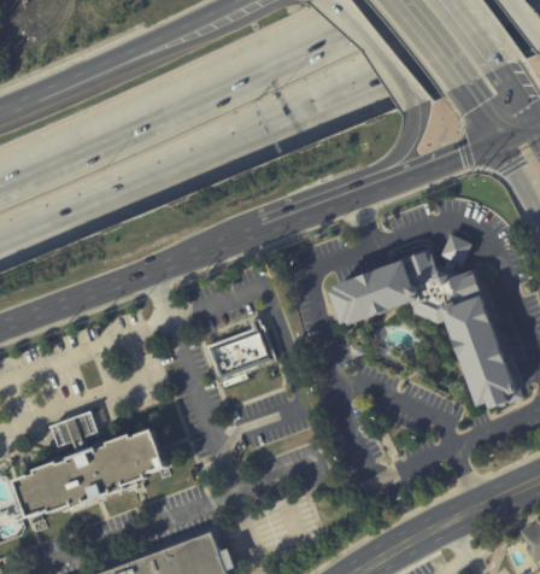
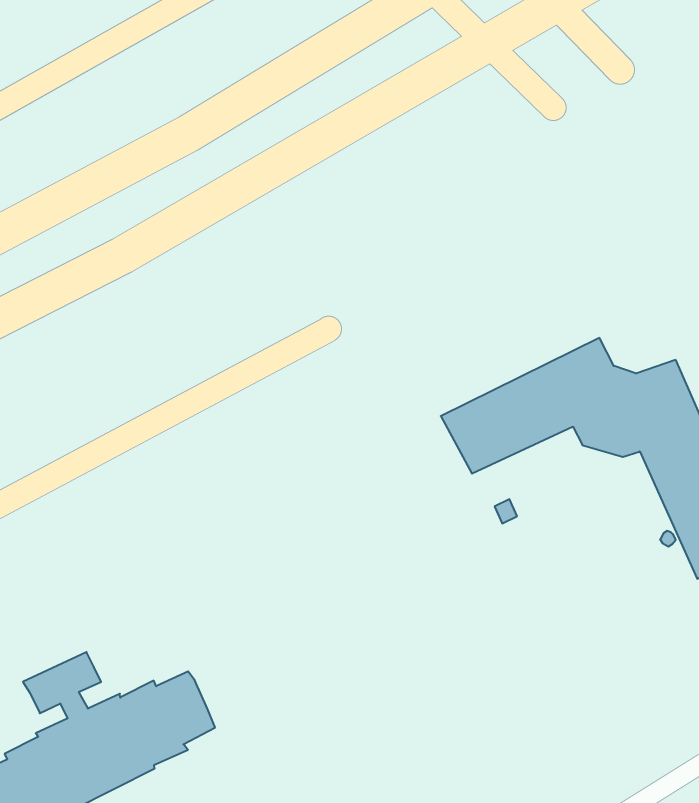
building: [441,234,471,264] -> none
building: [206,318,277,387] -> none

